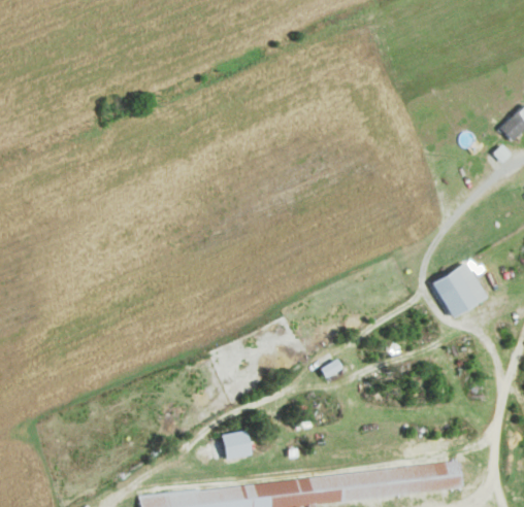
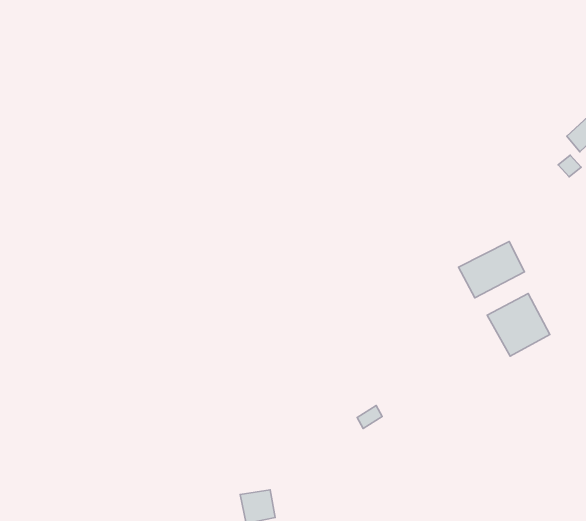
building: none -> [459,241,524,298]

